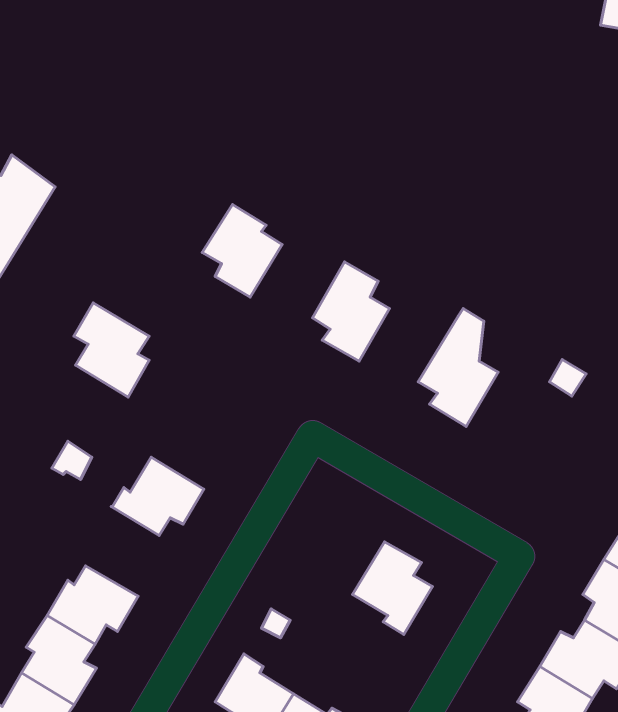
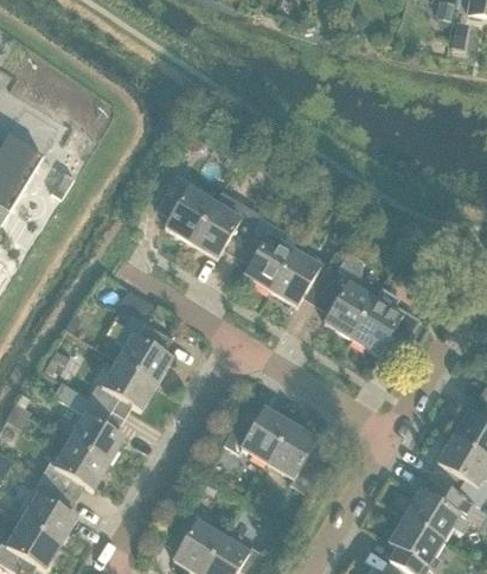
building: none -> [190,190,261,257]
building: [74,303,149,397] -> [115,314,171,384]
building: none -> [270,250,344,306]
building: none -> [350,286,418,355]
building: none -> [51,381,123,464]
building: none -> [223,408,289,463]

